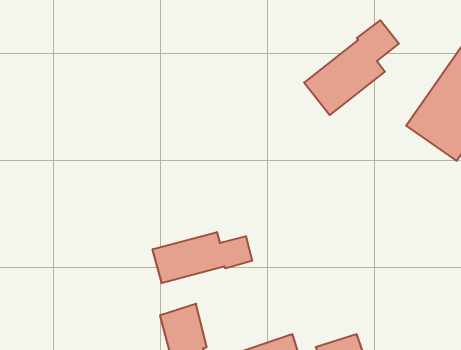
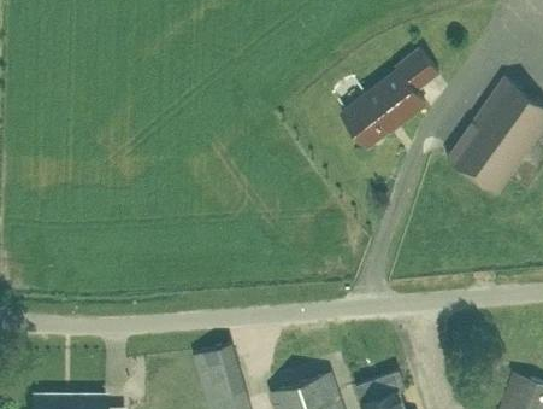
building: [153,232,252,283] -> none

